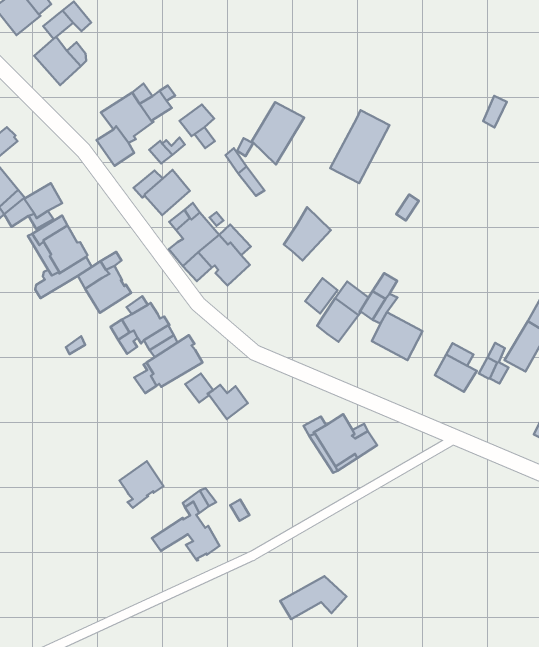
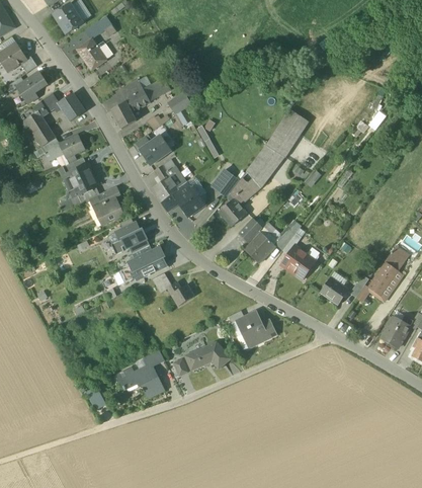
building: [252,102,304,164] -> [247,145,283,186]
building: none -> [57,93,84,120]
building: none -> [212,169,239,196]
building: none -> [219,197,246,226]
building: [120,461,163,508] -> none
building: [280,576,347,619] -> [185,342,230,369]

